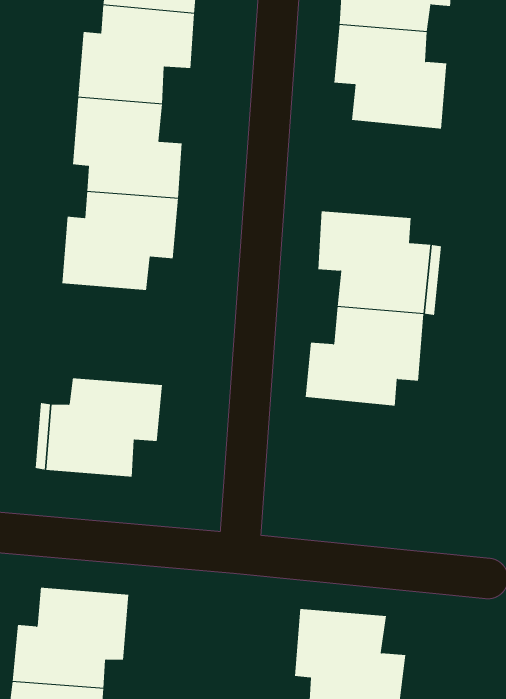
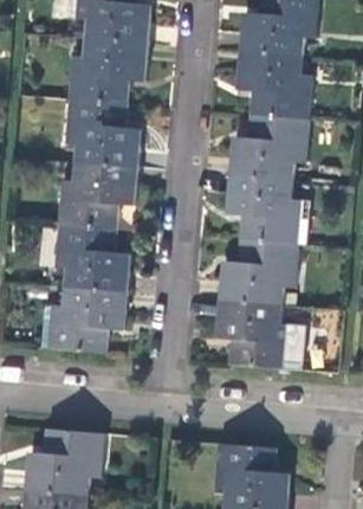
building: none -> [231,115,311,180]
building: none -> [54,224,128,291]
building: none -> [218,299,298,368]

